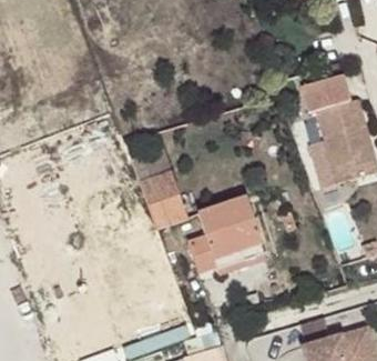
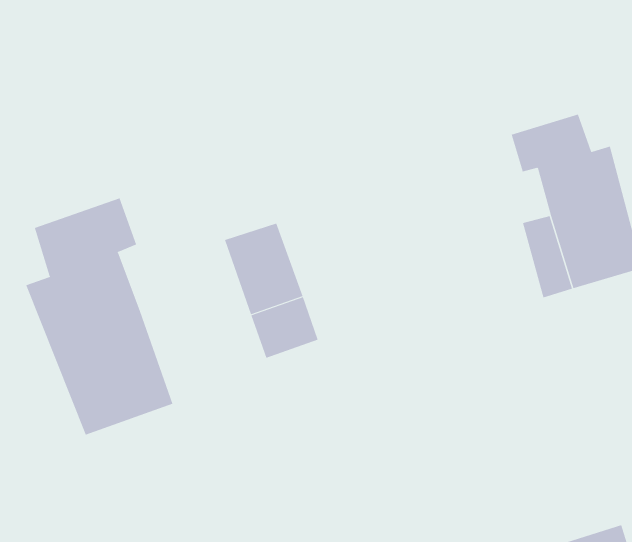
building: none -> [26,198,173,436]
building: [190,197,265,272] -> none

